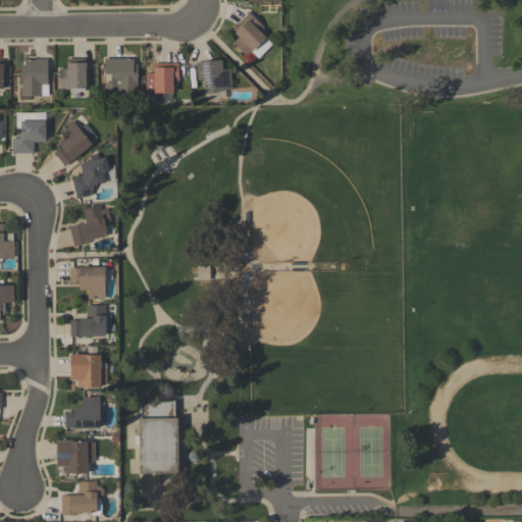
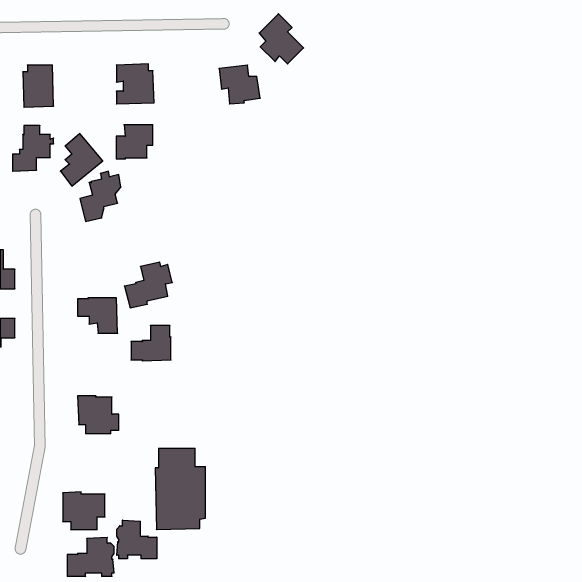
building: [60,62,87,89] -> none
building: [147,62,179,93] -> [116,125,153,159]
building: [69,205,112,246] -> [124,262,172,308]
building: [70,305,106,336] -> [131,326,171,361]
building: [65,396,101,428] -> none
building: none -> [117,520,157,559]

